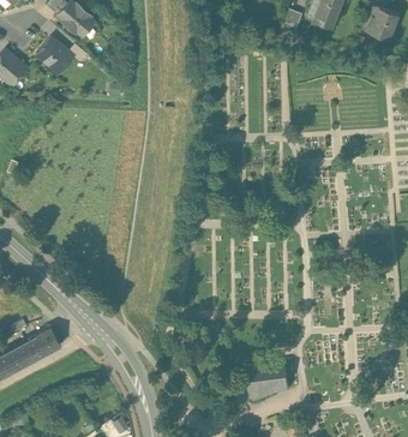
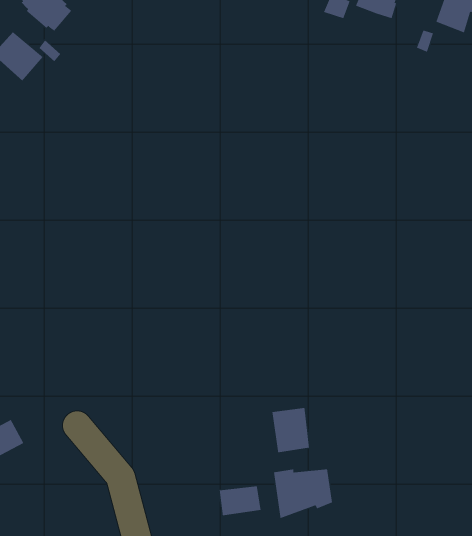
building: none -> [272,407,309,453]
building: none -> [219,485,261,516]

